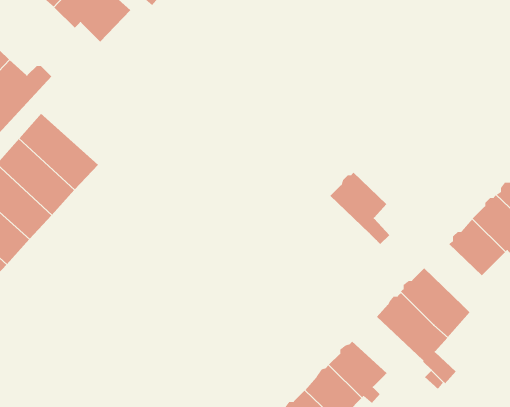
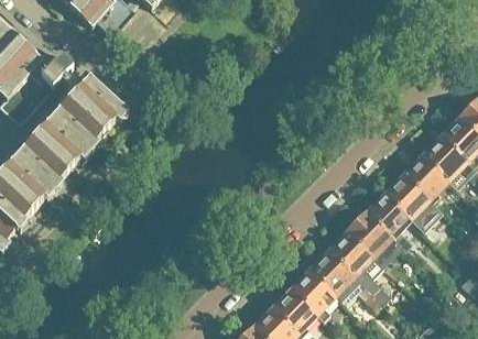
building: none -> [65,73,128,133]
building: [330,172,390,245] -> [365,195,412,252]
building: none -> [308,252,363,306]

